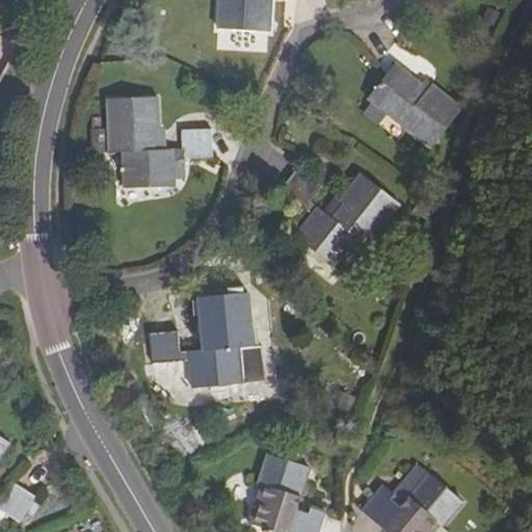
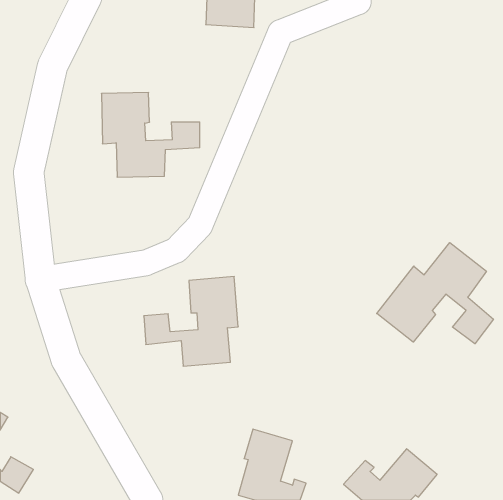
building: [368,63,461,147] -> none
building: [282,168,399,265] -> none
building: none -> [377,243,493,344]

